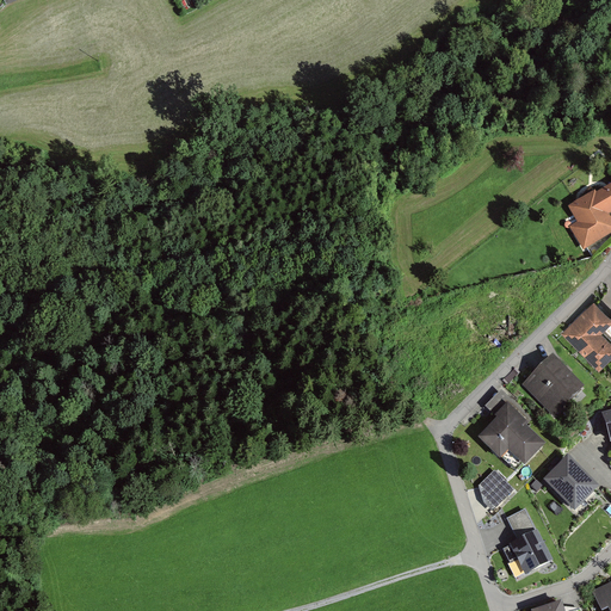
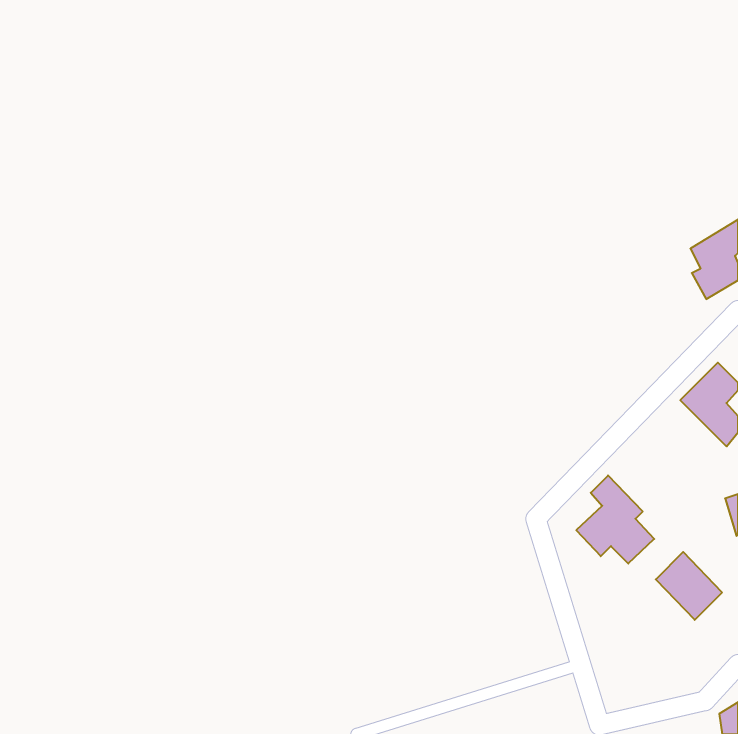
building: [525,358,579,413] -> none
building: [477,465,517,505] -> none
building: [506,510,549,572] -> none

